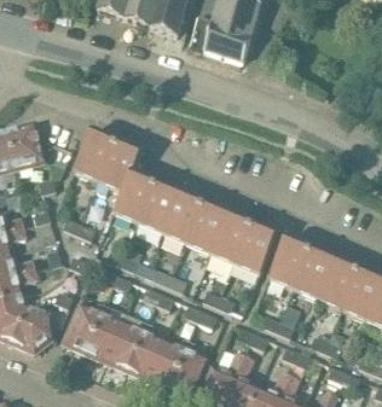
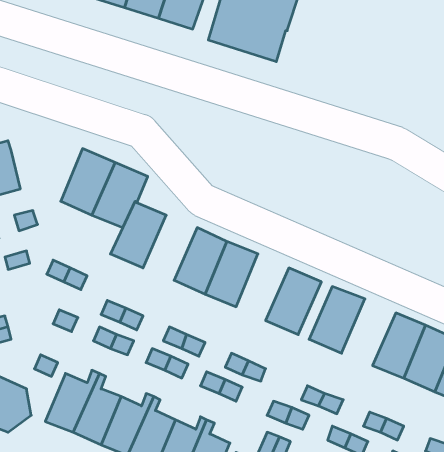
building: [139,181,181,232] -> none
building: [212,211,253,263] -> none
building: [294,246,336,298] -> none

